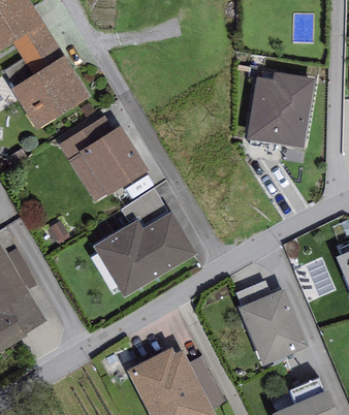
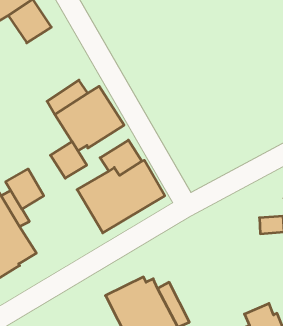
building: [12,56,89,128] -> none
building: [248,72,314,147] -> none
building: none -> [50,142,87,178]
building: none -> [6,169,44,209]
building: [237,288,309,366] -> none

